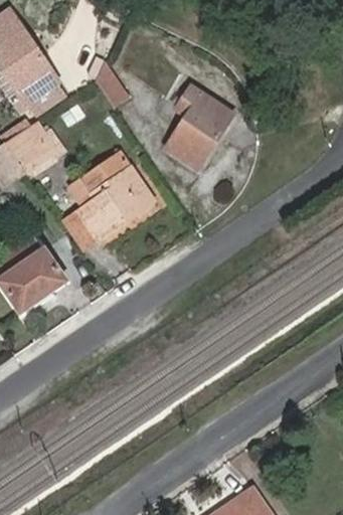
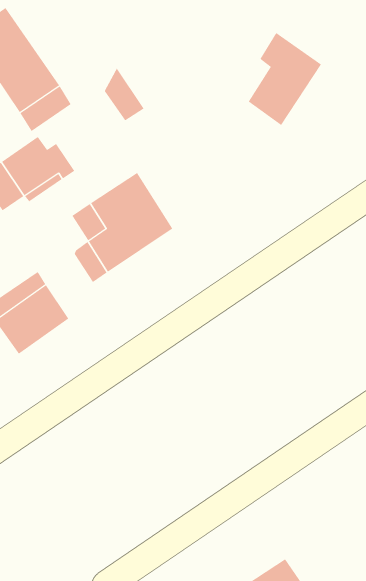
building: [168,87,232,168] -> [248,32,322,126]

